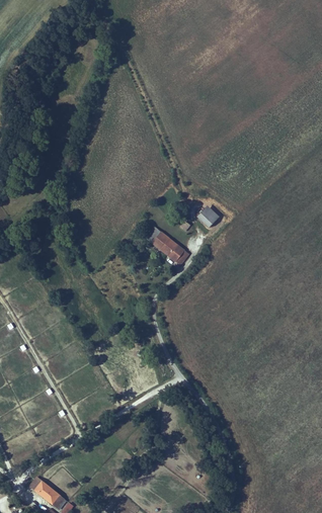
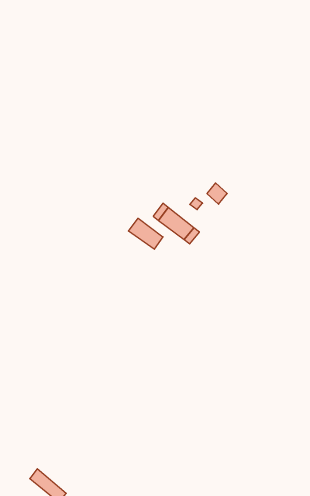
building: none -> [128,218,163,249]

